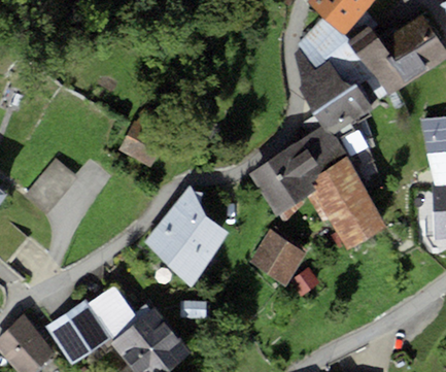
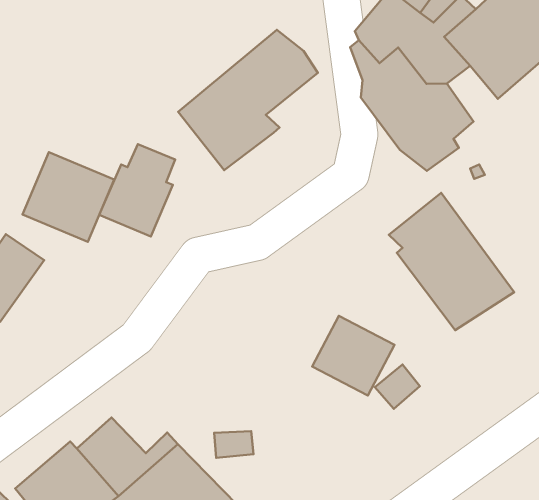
building: none -> [23,152,114,242]
building: [250,126,345,215] -> [178,30,318,170]
building: [144,185,229,289] -> none

